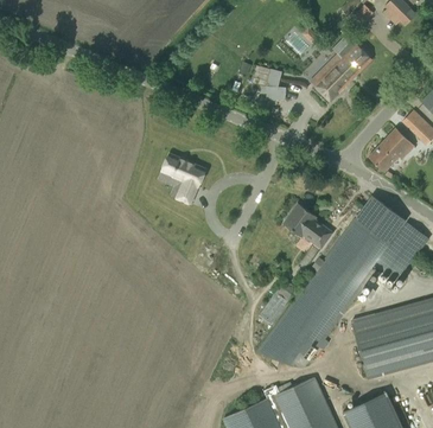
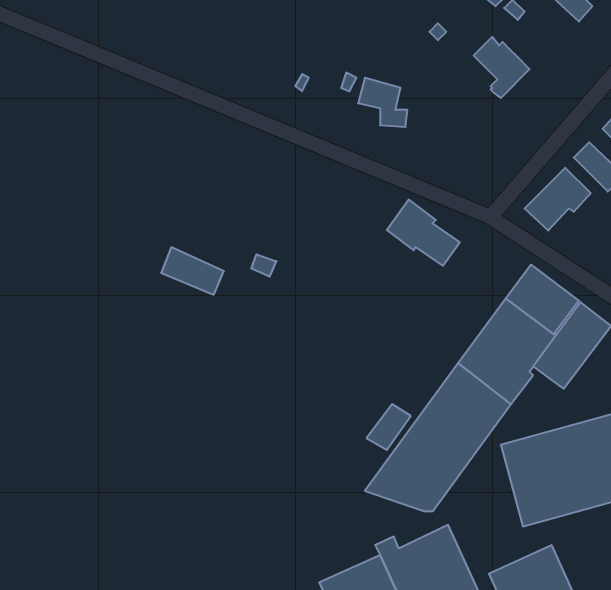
building: [316,56,351,102] -> none
building: [161,153,205,186] -> [161,247,224,295]
building: [282,203,333,249] -> [387,200,460,266]

